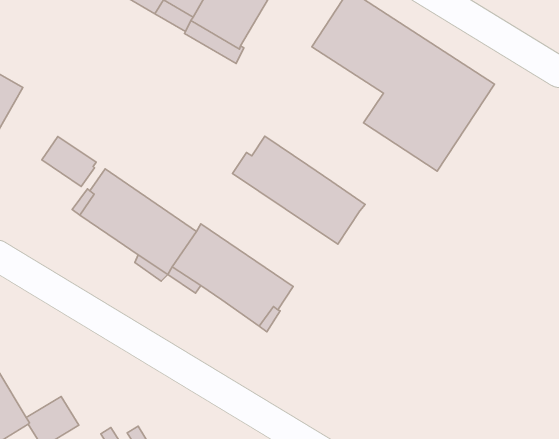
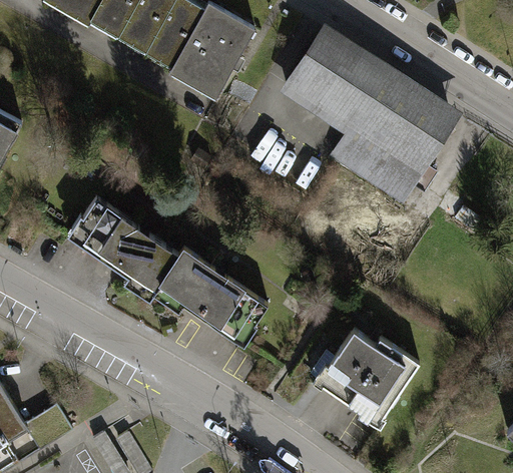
building: [233,136,365,244] -> none
building: [42,136,96,187] -> none
building: none -> [311,329,418,416]

